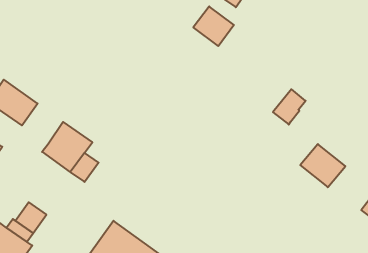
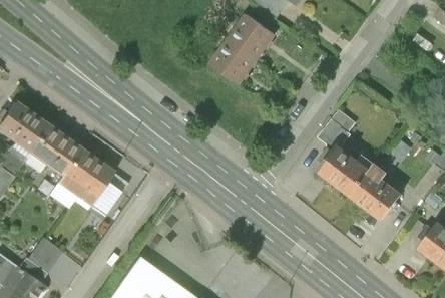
building: none -> [210,39,257,84]
building: none -> [34,125,81,172]
building: none -> [319,146,370,196]

